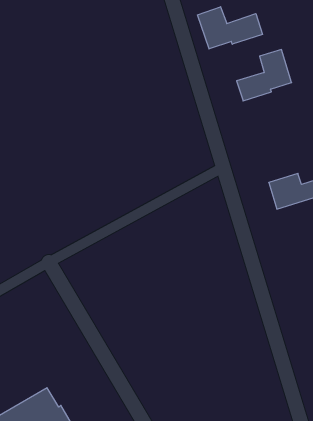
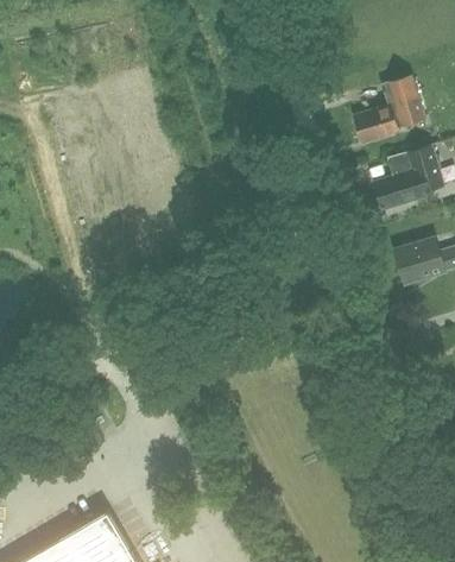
building: [198,7,263,49] -> none
building: none -> [373,146,442,210]

